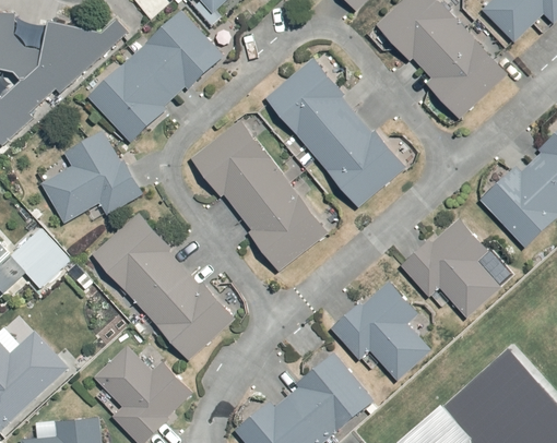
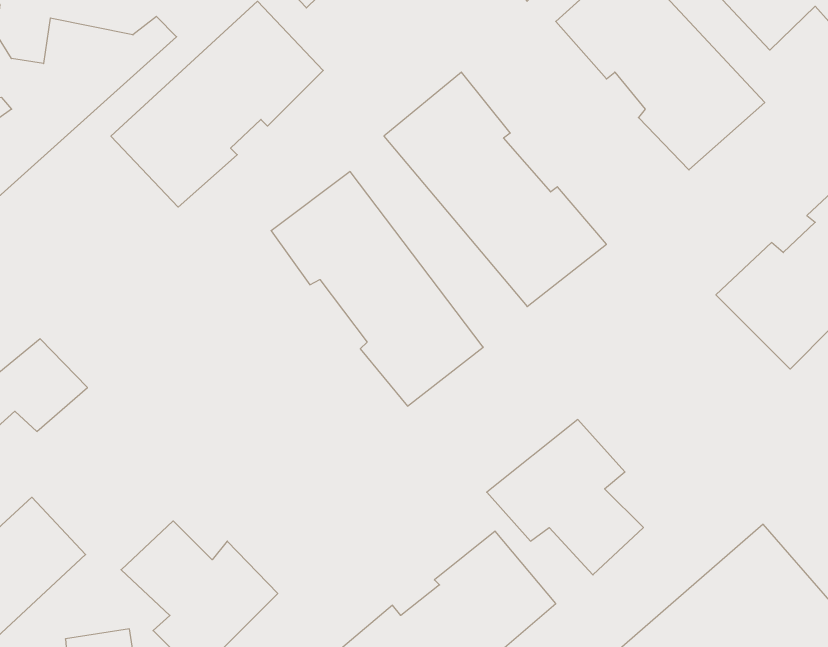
building: [42,130,140,224] -> none
building: [91,212,236,359] -> none
building: [400,219,500,318] -> none

